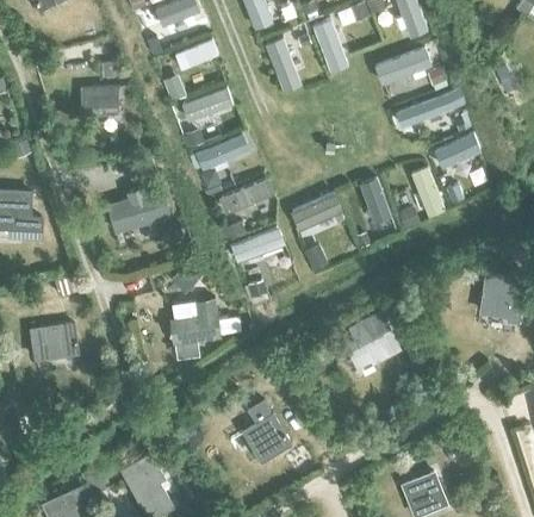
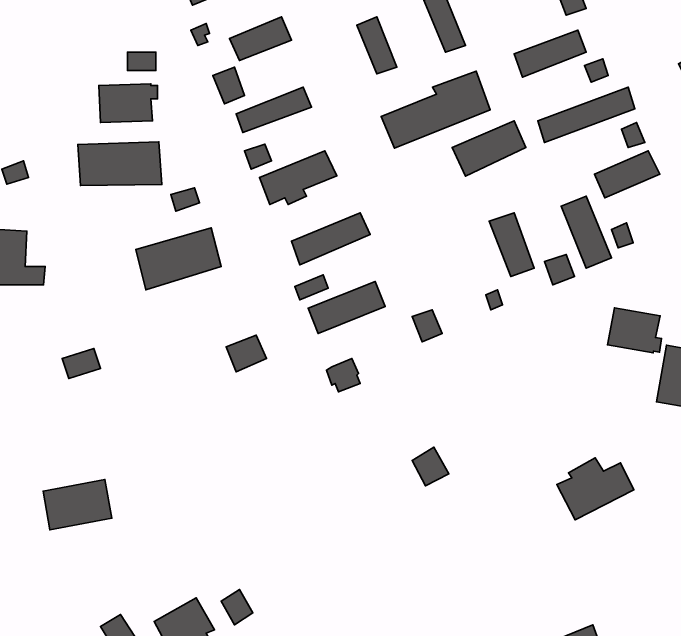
building: none -> [381,71,490,148]
building: none -> [78,142,162,186]
building: [291,193,343,232] -> [452,121,526,176]
building: none -> [607,308,661,353]
building: [168,300,221,344] -> none
building: [30,324,79,360] -> [43,480,112,530]
building: [346,326,401,370] -> [557,458,634,520]
building: [241,401,287,461] -> none

